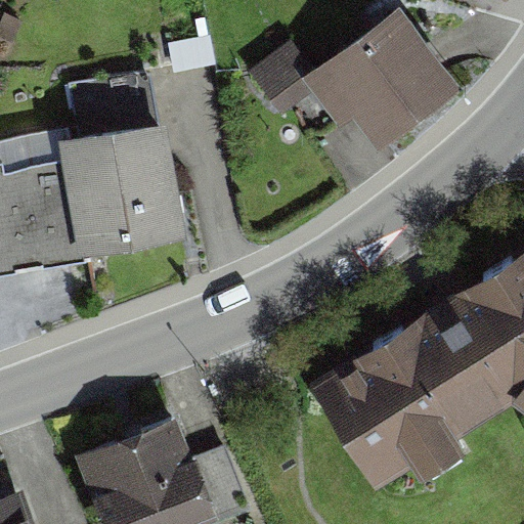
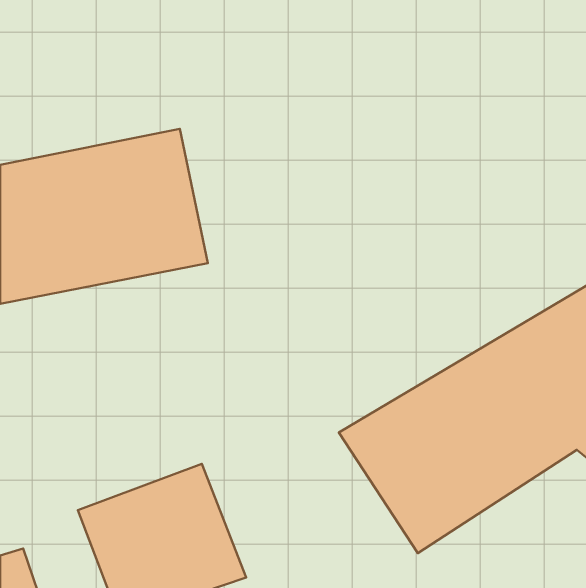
building: [252,8,456,149] -> none

